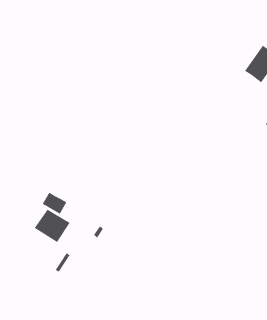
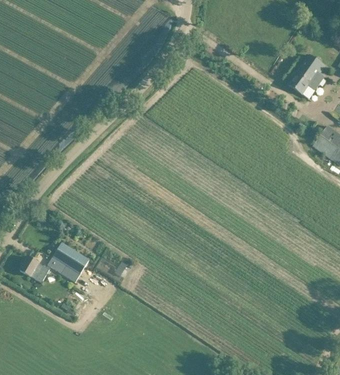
building: [42,192,67,214] -> [20,256,49,282]

